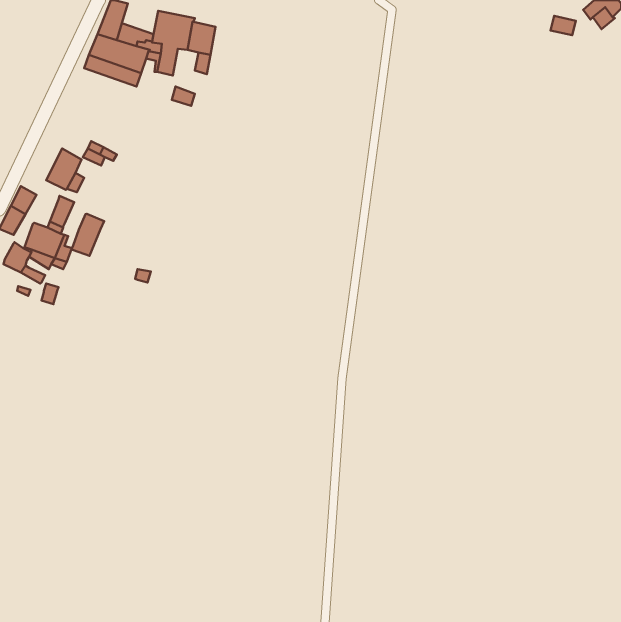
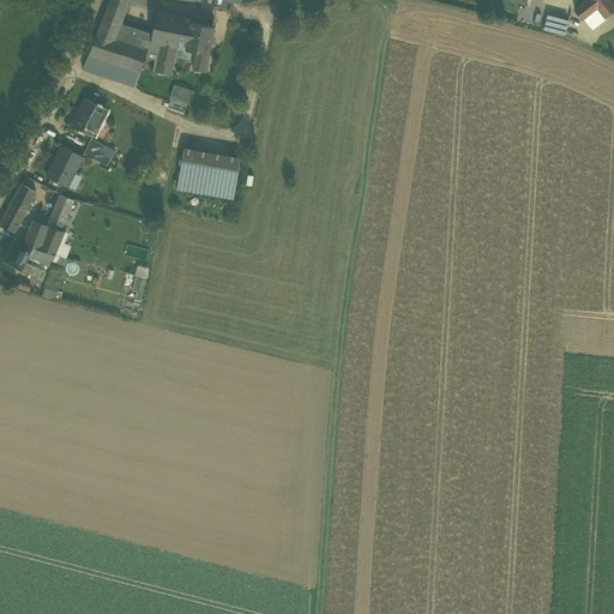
building: none -> [71,100,104,137]
building: none -> [176,149,240,198]
building: [71,214,104,256] -> none

